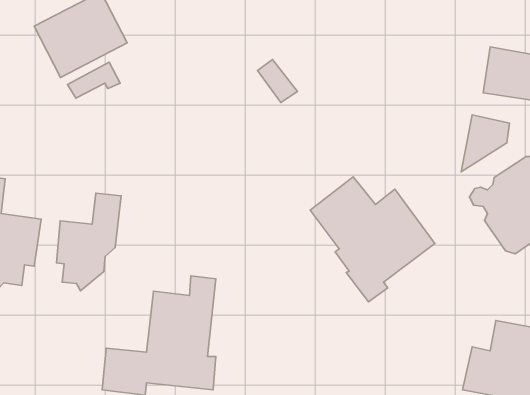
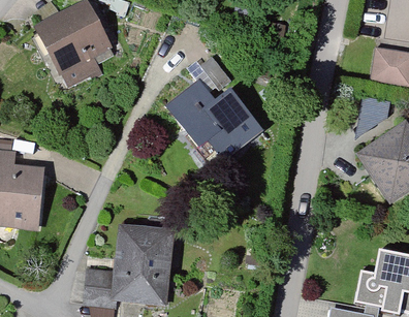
building: [310,177,435,302] -> [168,78,261,171]
building: [56,193,121,291] -> none

